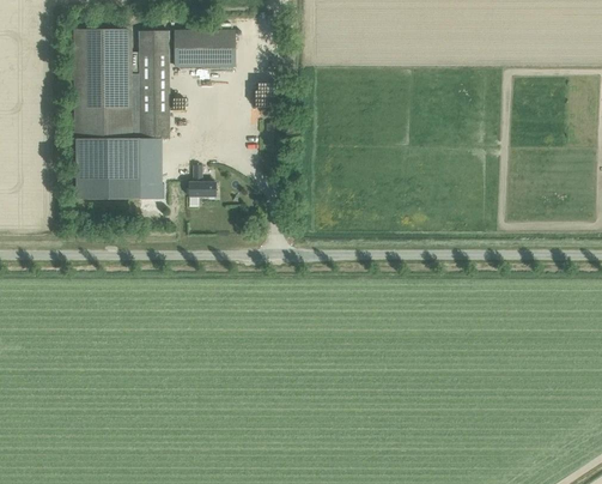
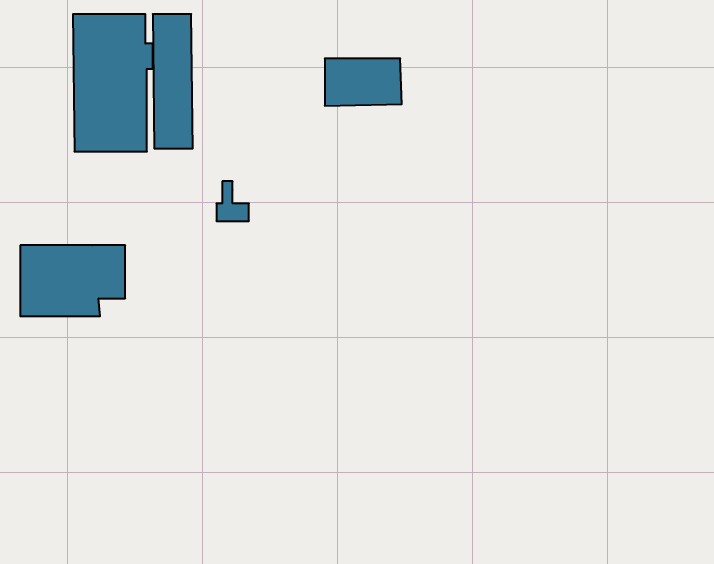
building: [174,30,236,68] -> [325,58,402,106]
building: [74,141,159,199] -> [20,245,125,316]

